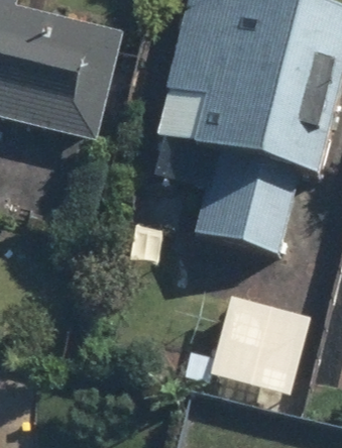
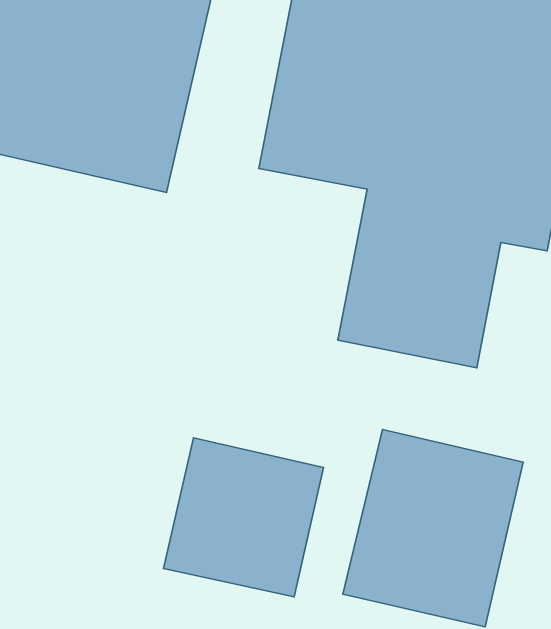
building: none -> [163,438,324,597]

